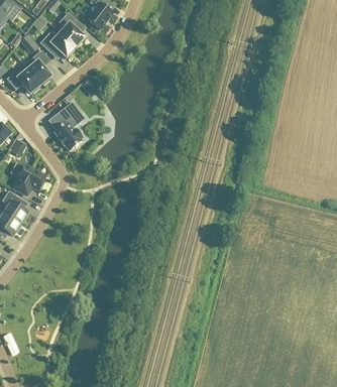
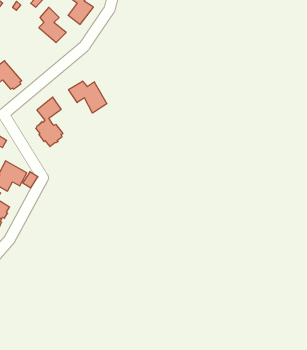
building: [39,31,75,57] -> none
building: [23,49,50,85] -> none
building: none -> [69,81,107,113]

